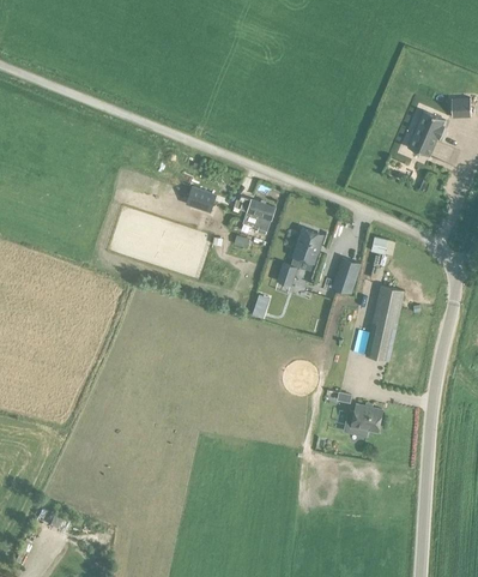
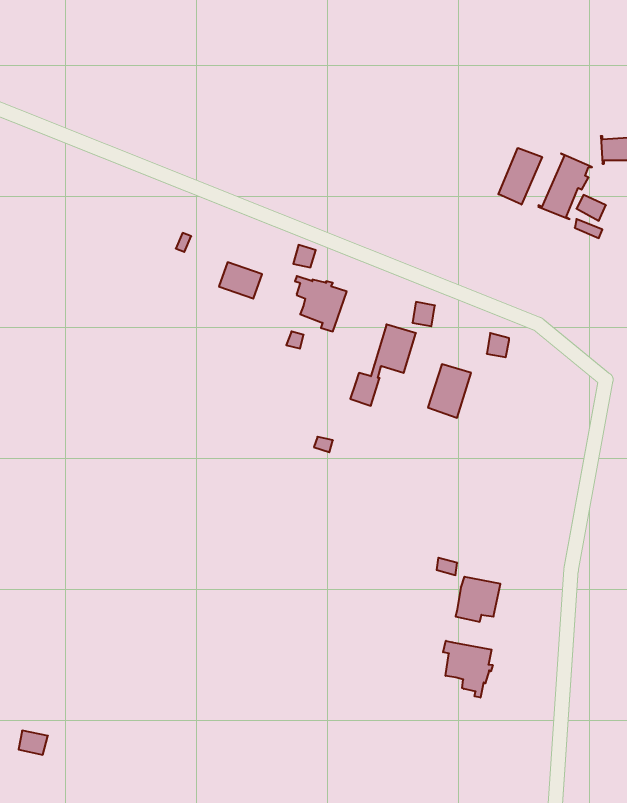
building: none -> [498,148,542,205]
building: [364,286,404,361] -> none
building: none -> [443,641,493,698]

